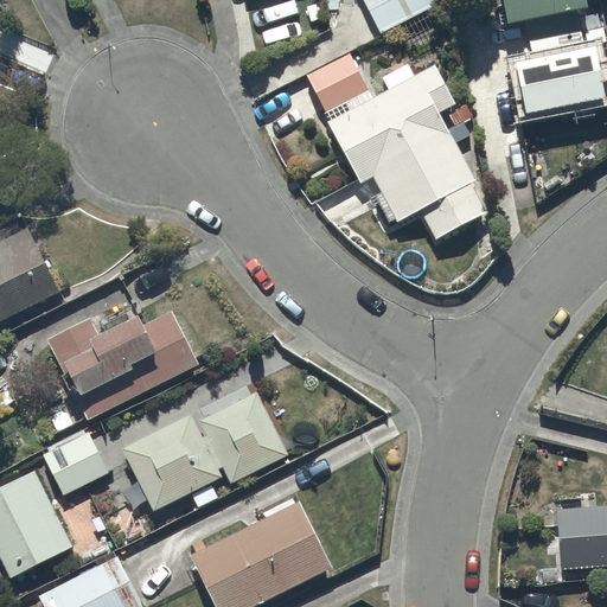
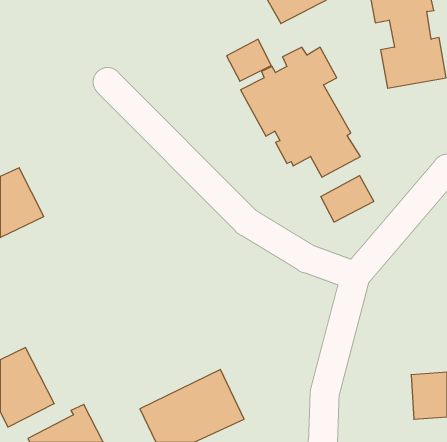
building: none -> [321,176,374,222]
building: [45,311,200,423] -> none
building: [121,391,288,513] -> none
building: [43,432,108,496] -> none

